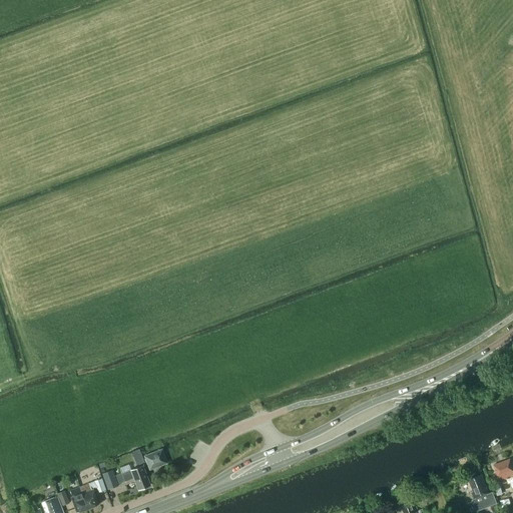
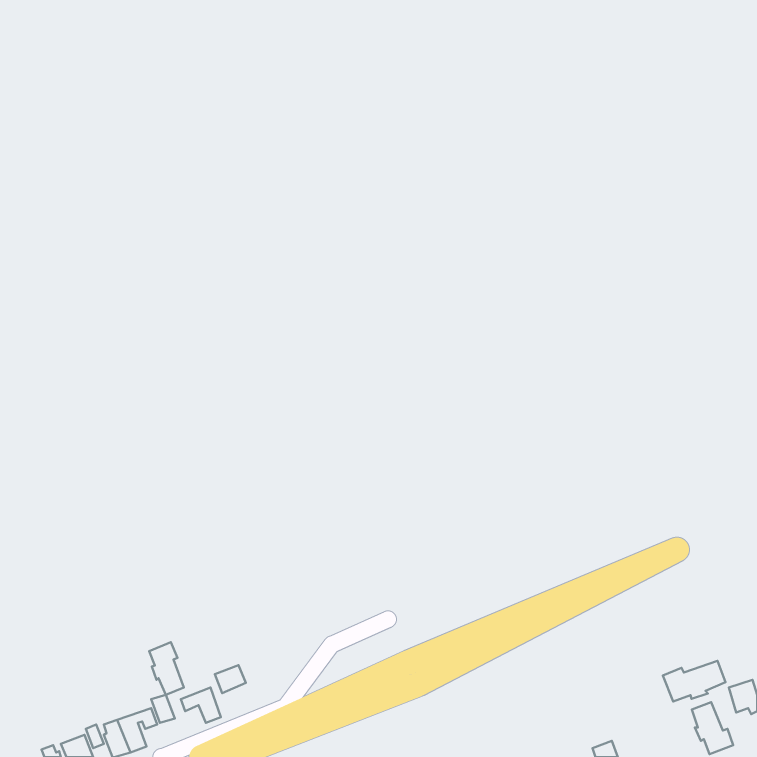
building: none -> [149,642,184,695]
building: none -> [663,661,726,702]

